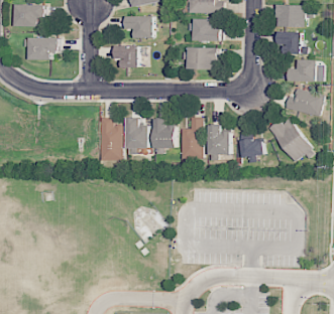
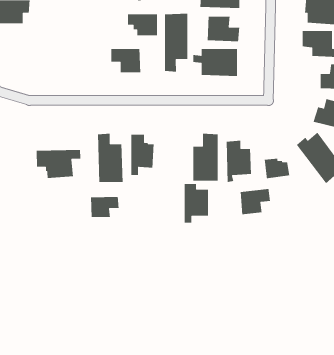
building: none -> [164,13,188,73]
building: [28,37,58,60] -> none
building: [155,120,177,154] -> [184,183,209,224]
building: none -> [36,149,81,179]
building: none -> [240,188,271,215]
building: none -> [90,196,119,218]

